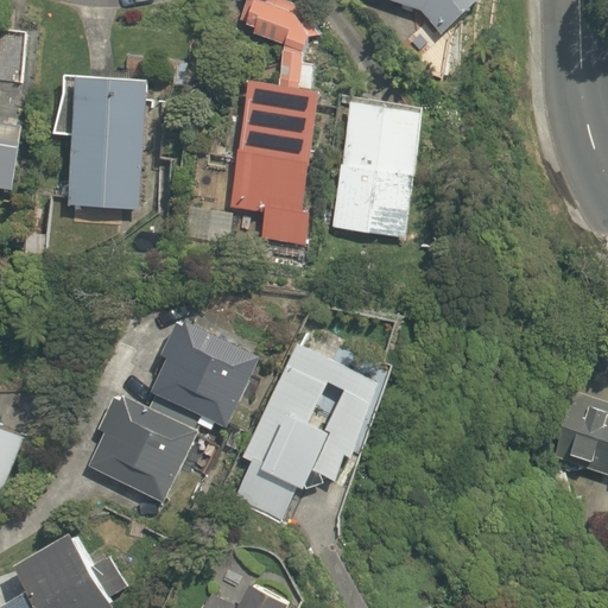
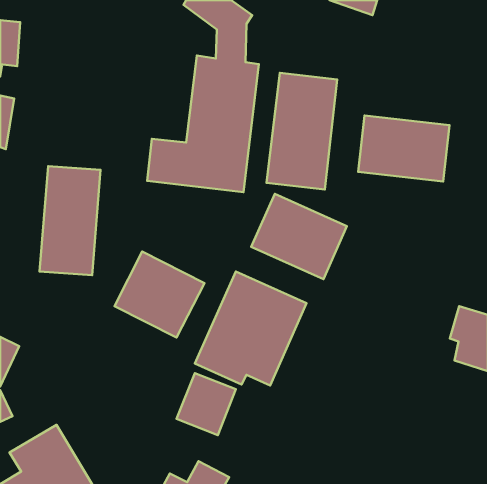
building: [68,71,144,207] -> [40,166,101,275]
building: none -> [358,115,450,182]
building: none -> [251,194,347,279]
building: [86,394,197,506] -> none

